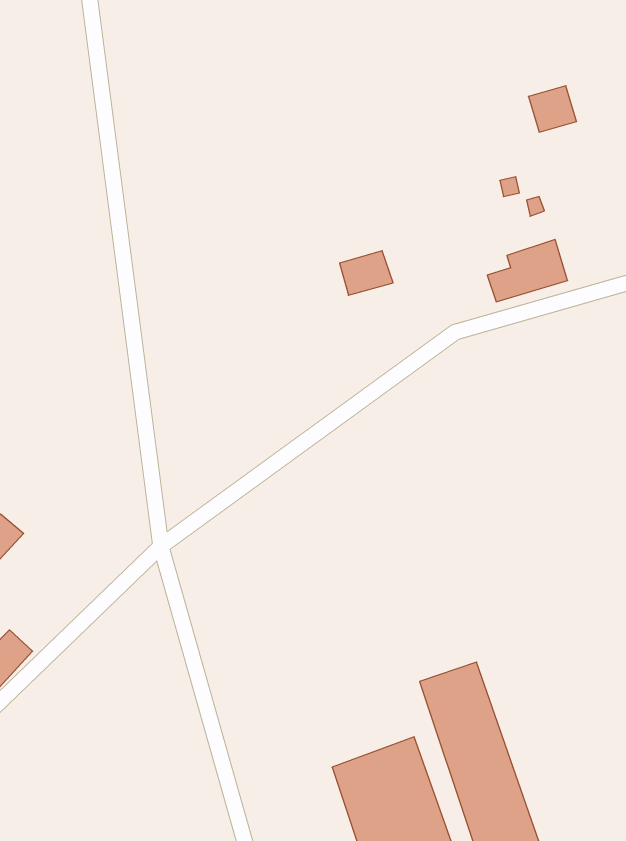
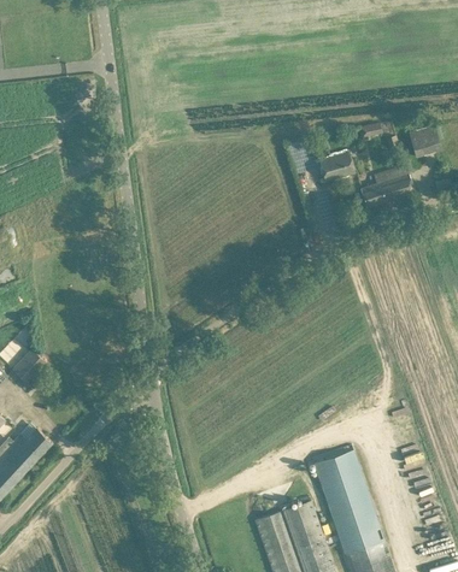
building: [528,86,577,132] -> [409,124,441,155]
building: [340,251,393,295] -> [319,151,356,181]

